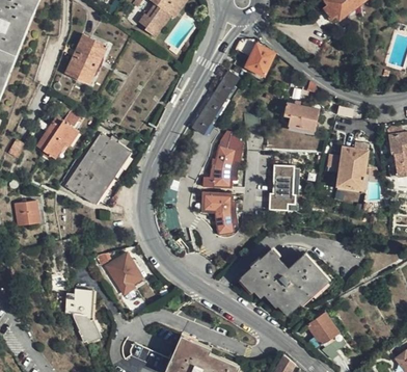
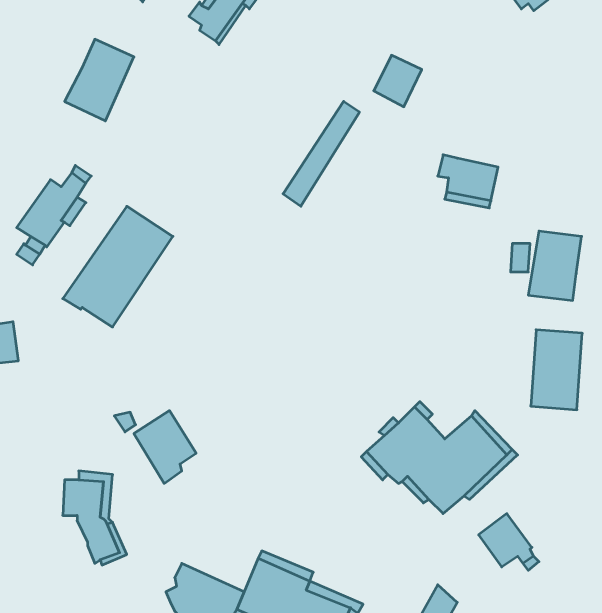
building: [201,135,240,187] -> none
building: [269,164,299,211] -> [531,330,582,410]
building: [200,192,235,234] -> none

